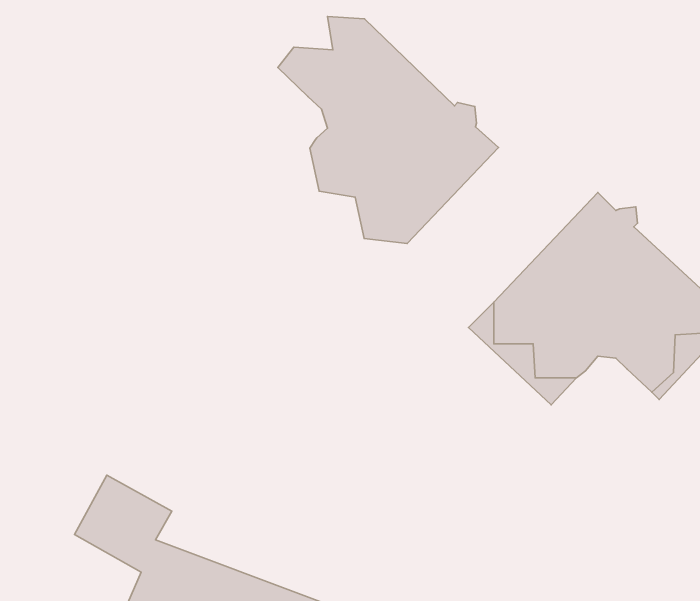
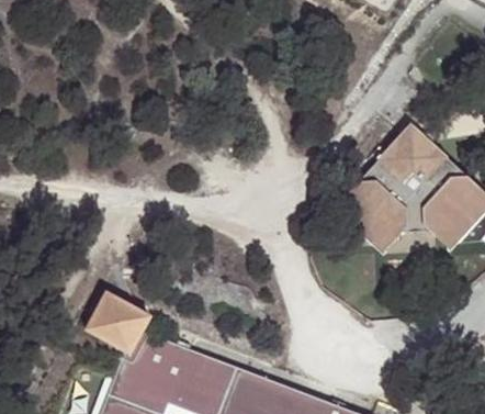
building: [278,16,498,243] -> none

